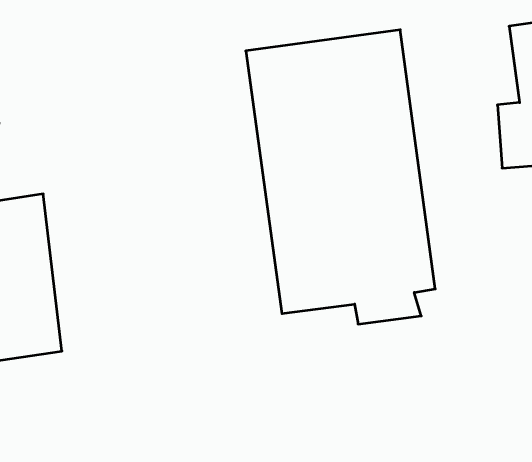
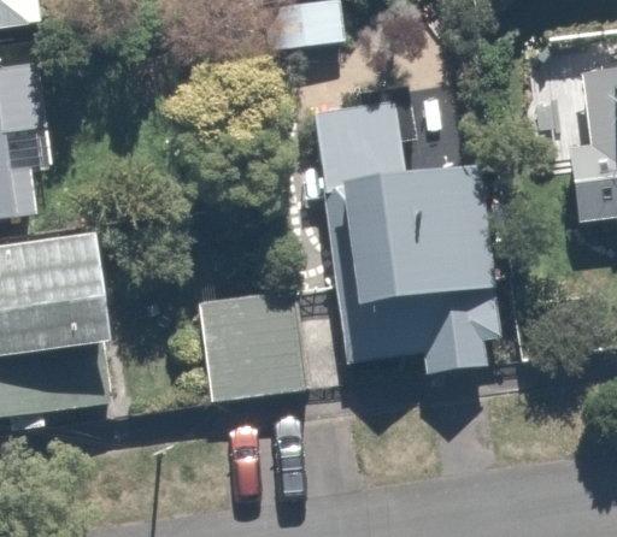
building: none -> [194,289,307,402]

